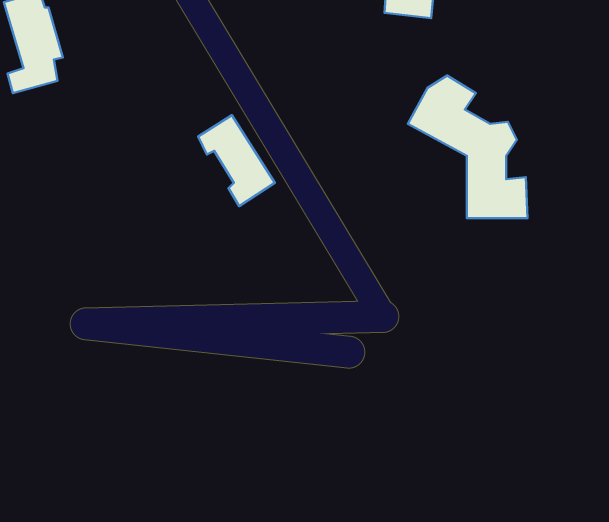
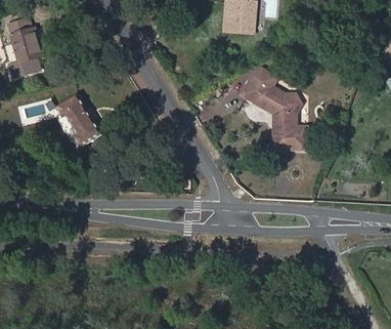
building: [198,115,275,206] -> [56,94,100,147]

